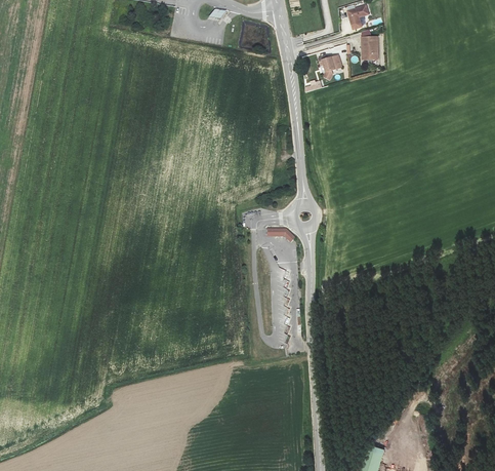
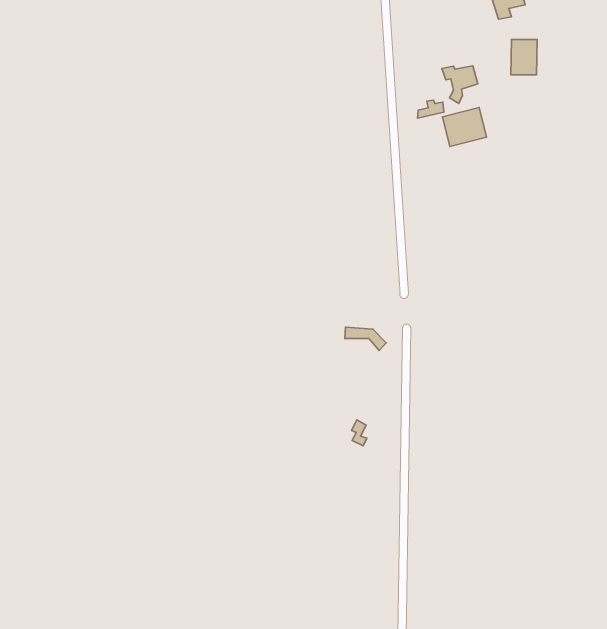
building: none -> [443,107,486,147]

